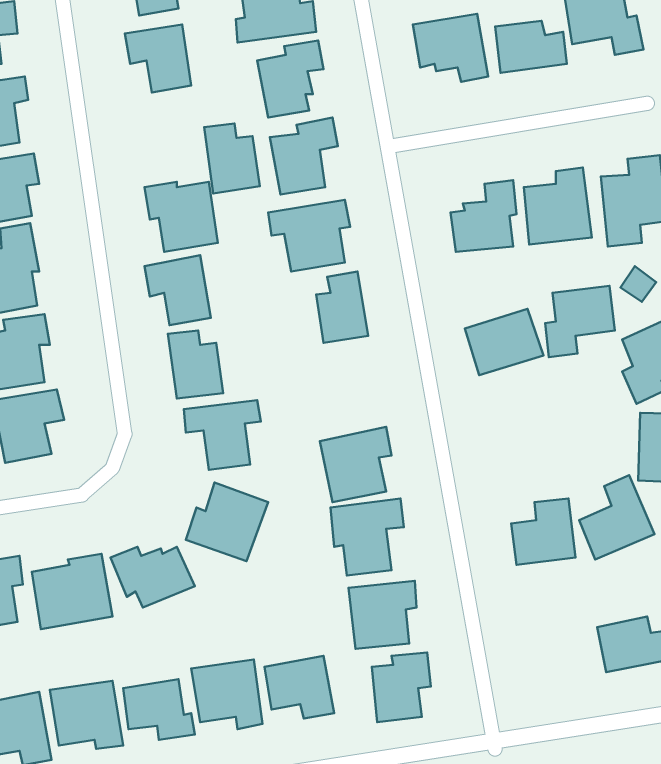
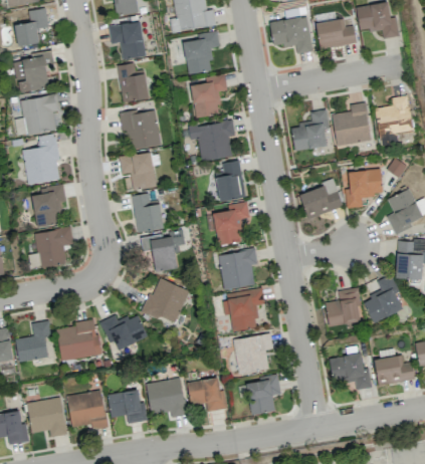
building: [204,124,260,193] -> [118,63,149,102]
building: none -> [213,202,249,244]
building: none -> [330,354,372,390]

